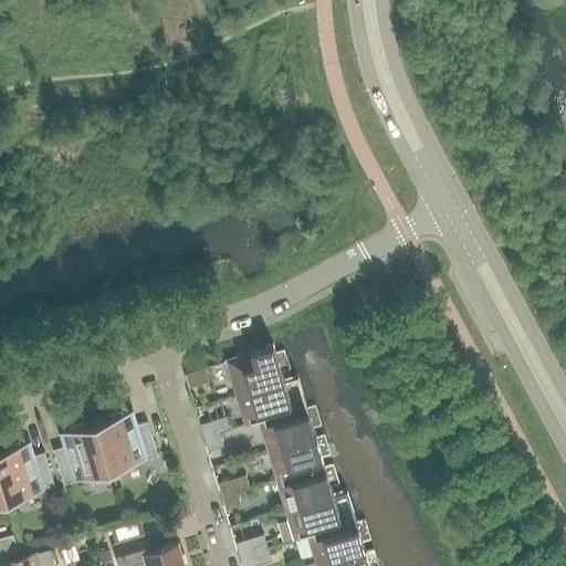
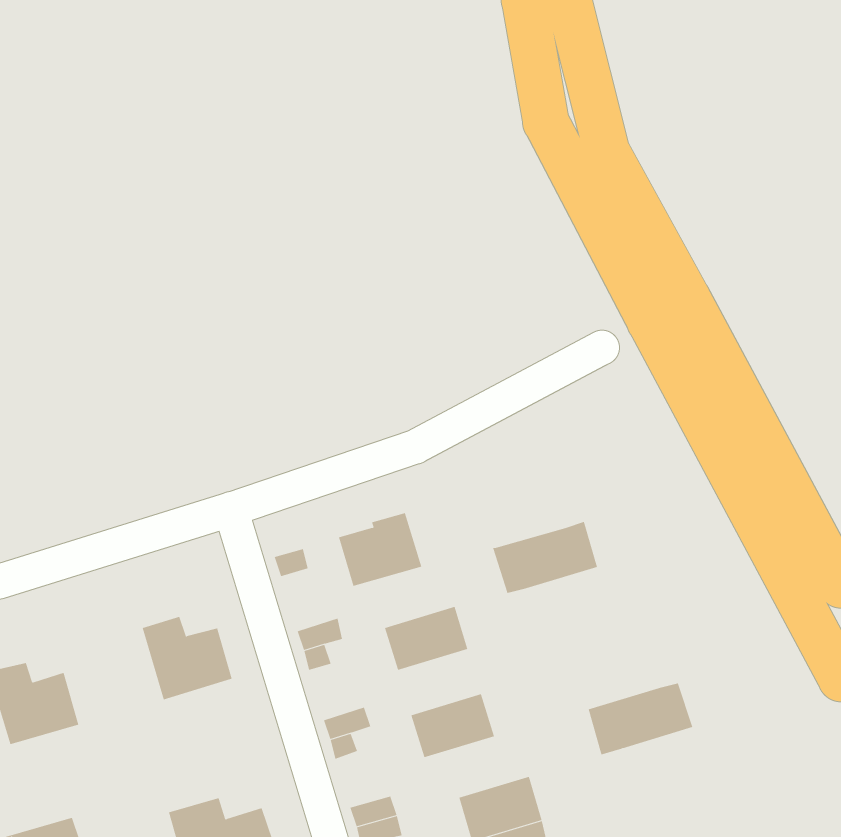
building: [234,379,305,428] -> [492,521,598,594]
building: [52,424,109,486] -> none
building: [266,439,323,483] -> none
building: [284,494,355,543] -> [588,683,693,755]

